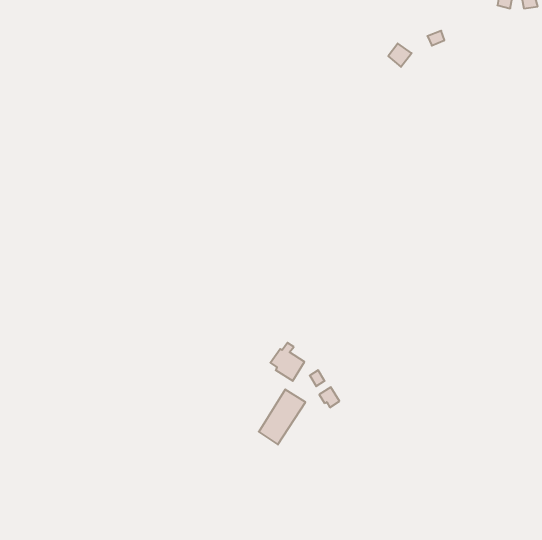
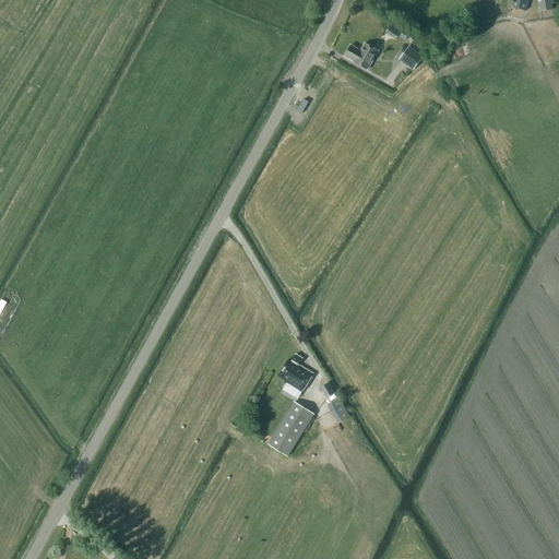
building: none -> [344,41,378,68]

